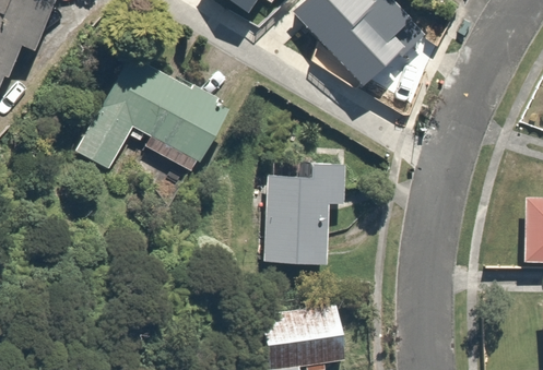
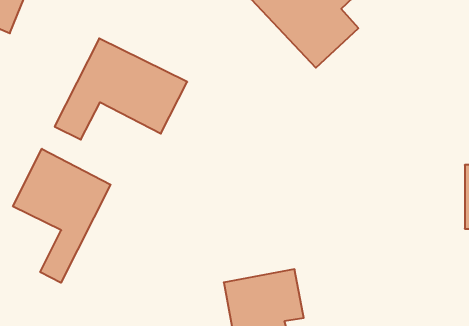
building: [263,154,354,264] -> none
building: none -> [13,149,111,283]

